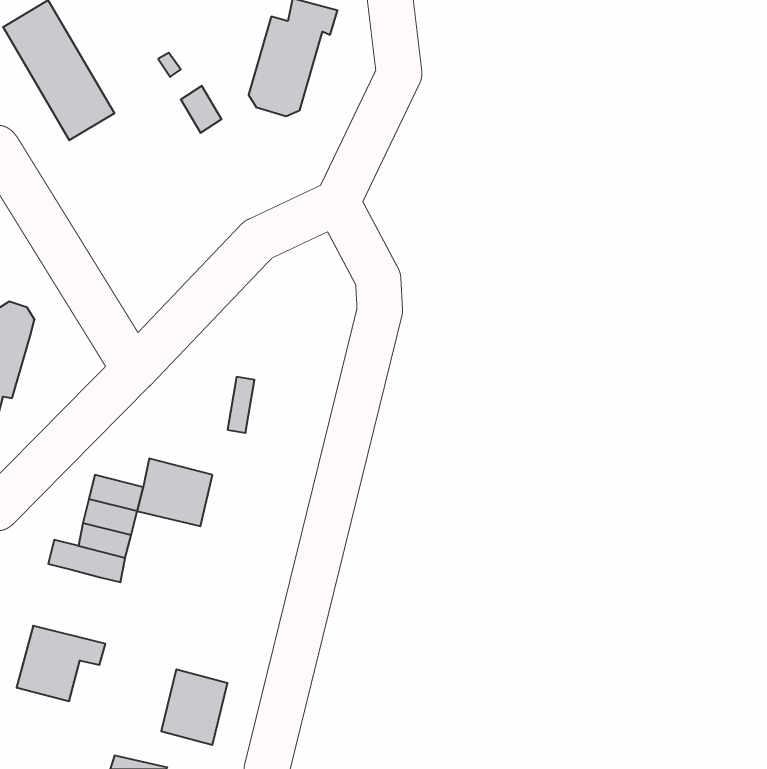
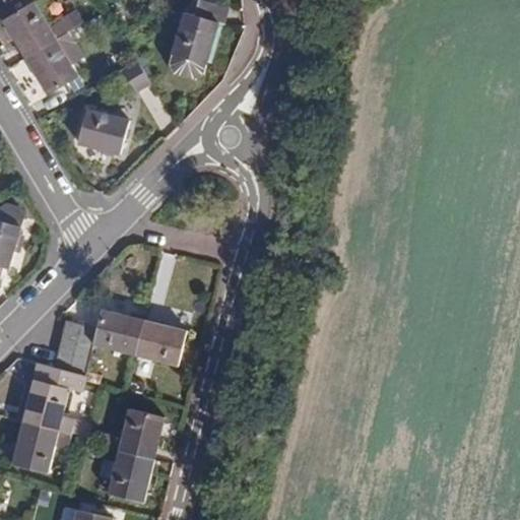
building: none -> [76,108,129,154]
building: none -> [135,320,186,366]
building: none -> [22,380,74,434]
building: none -> [99,407,165,460]

